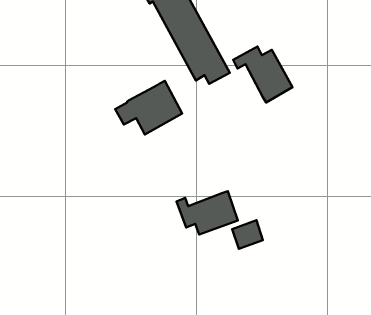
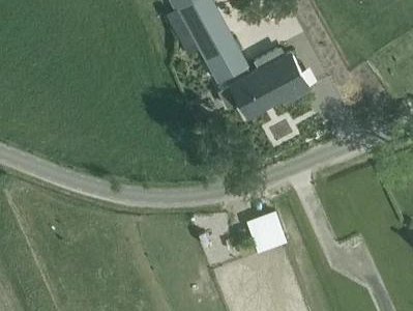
building: [115,81,182,135] -> [219,67,283,118]
building: [177,191,238,235] -> none

